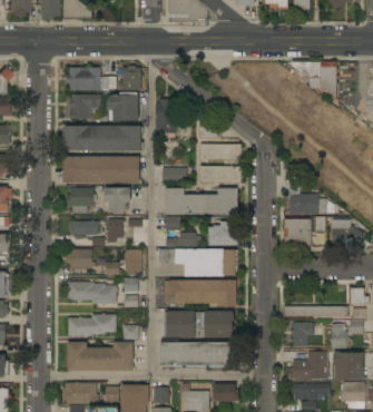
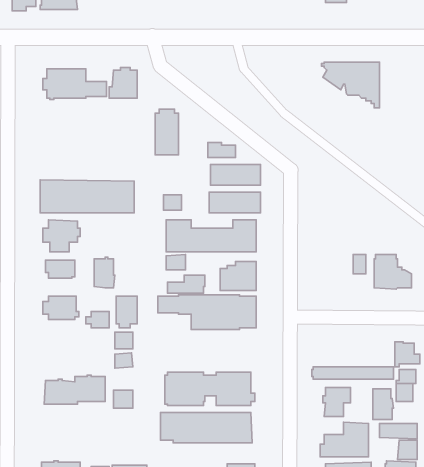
building: [107,92,139,120] -> none
building: [69,94,101,119] -> none
building: [62,126,144,151] -> none
building: [284,183,334,214] -> none
building: [105,187,130,213] -> none
building: [283,218,312,246] -> none
building: [164,279,236,307] -> none
building: [68,282,116,305] -> none
building: [67,342,132,371] -> none

